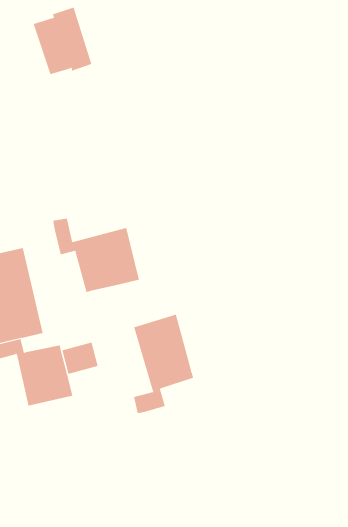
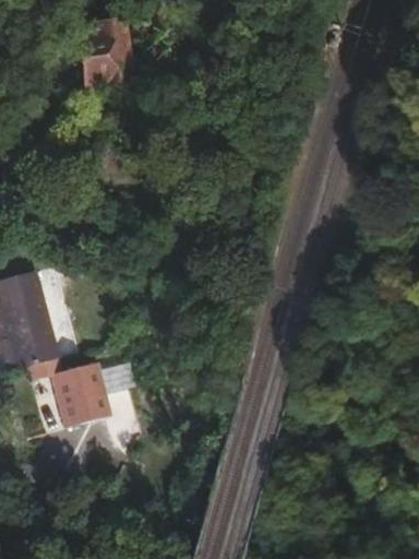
building: [52,218,140,293] -> none
building: [133,314,194,414] -> none

